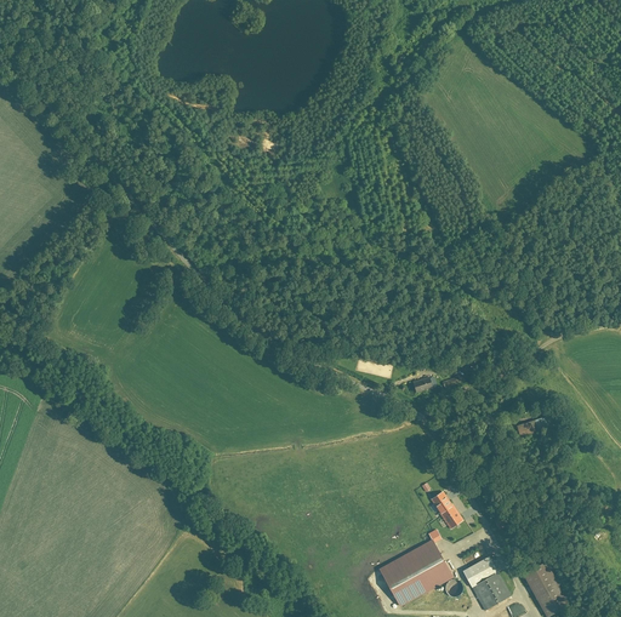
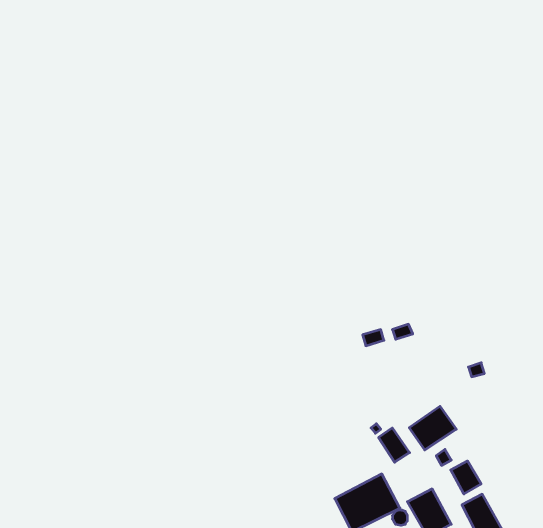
building: none -> [409,406,456,450]
building: none -> [451,461,481,494]

